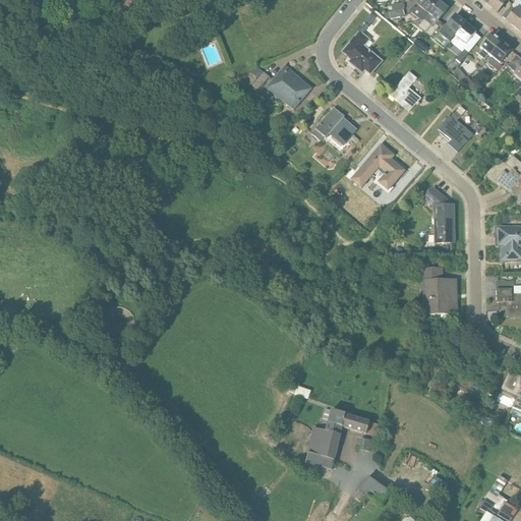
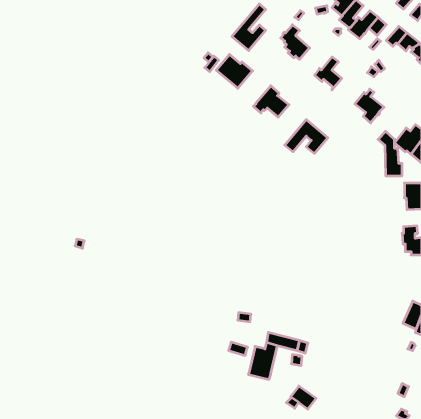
building: none -> [232,4,266,51]
building: [425,186,455,241] -> [378,131,402,176]
building: [424,267,457,312] -> none

